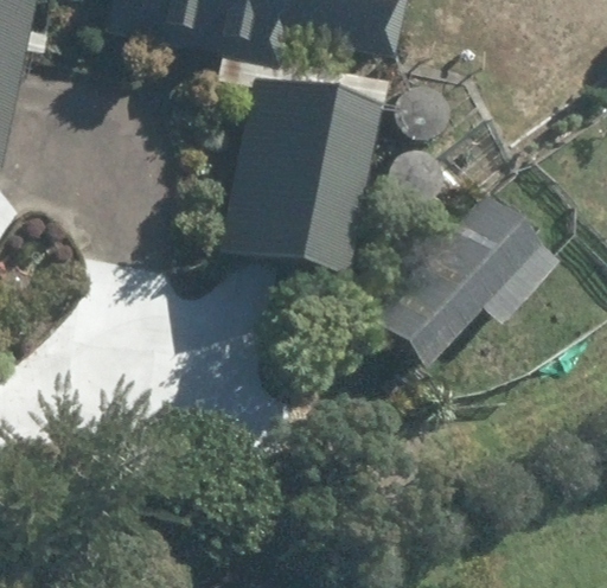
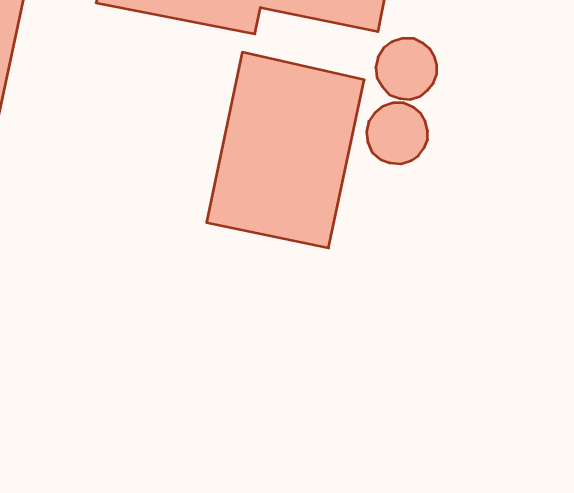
building: [369,188,558,363] -> none

